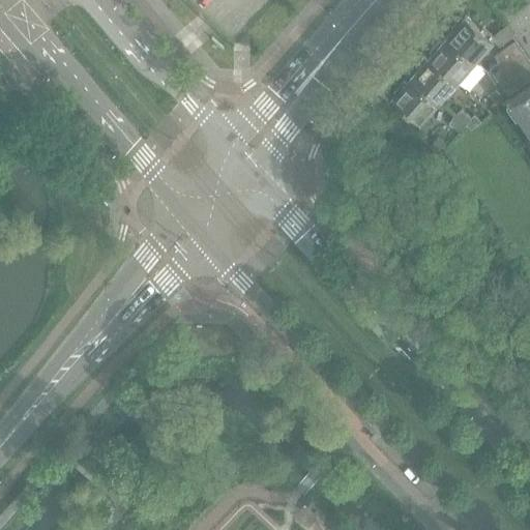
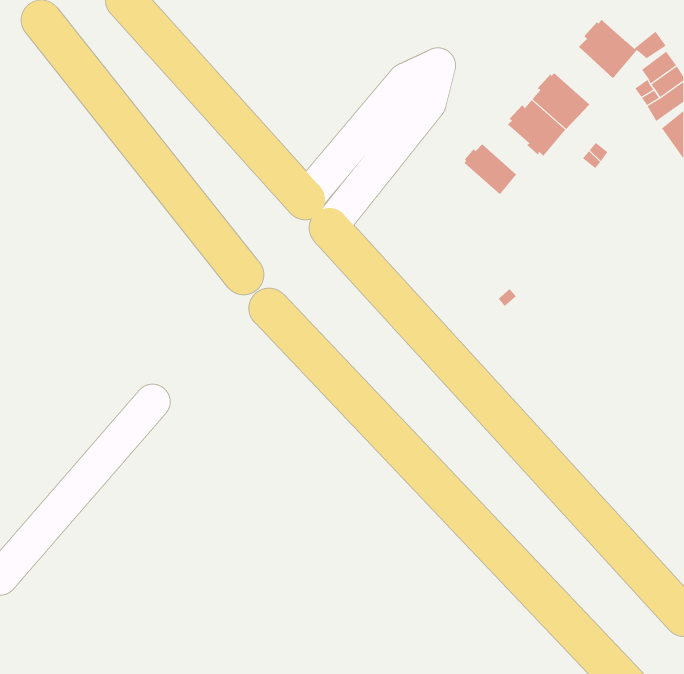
building: [429,45,474,89] -> none
building: none -> [464,144,517,195]

